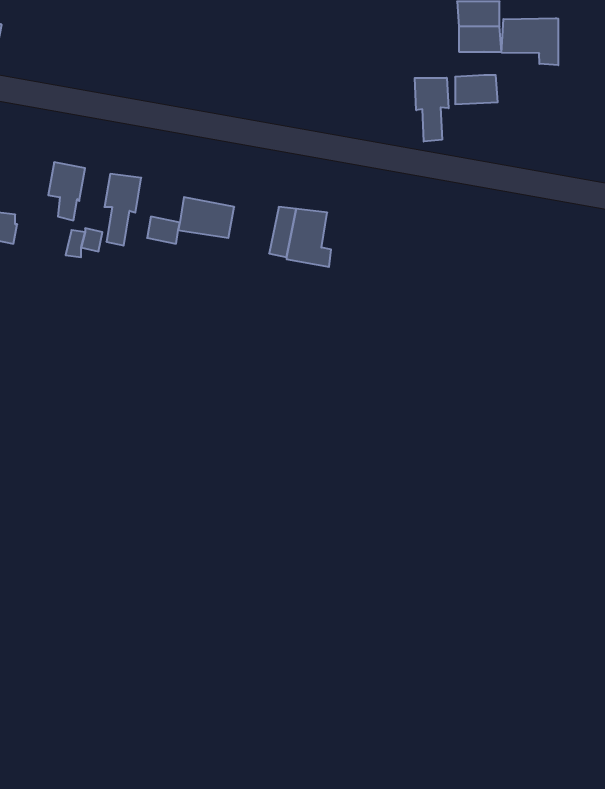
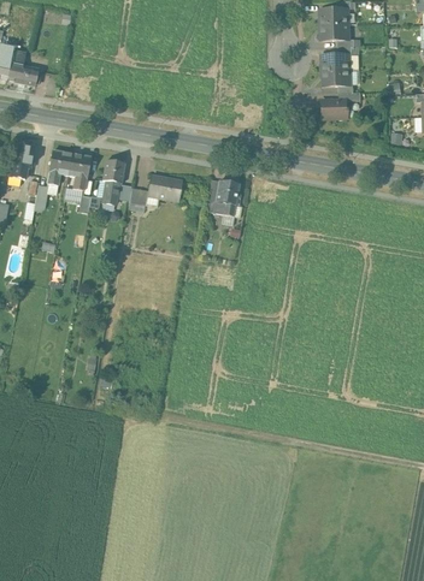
building: [502,18,558,65] -> none
building: [415,78,449,142] -> none
building: none -> [48,150,71,185]

